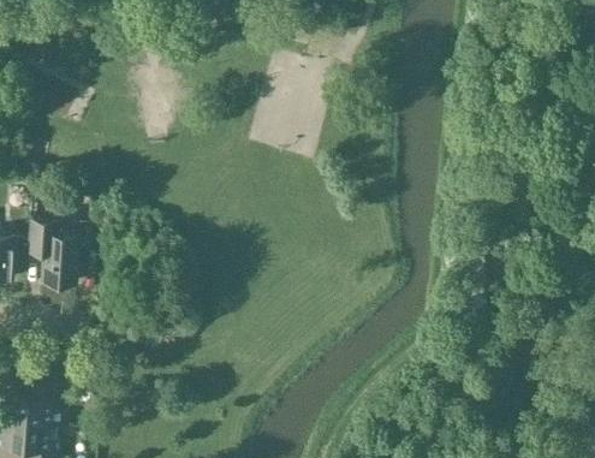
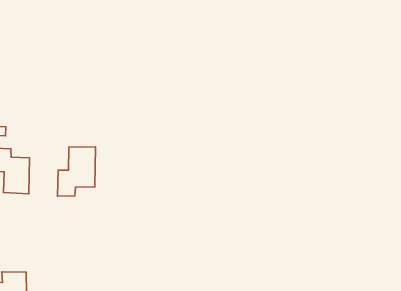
building: none -> [58,147,95,196]

